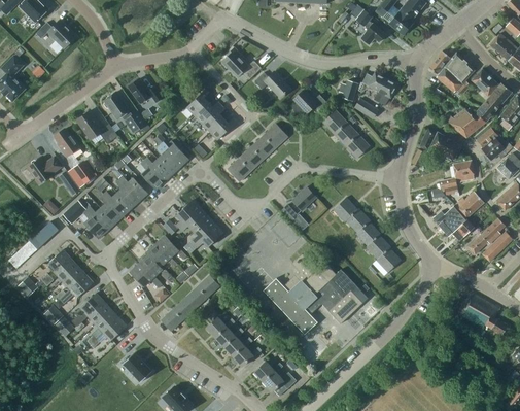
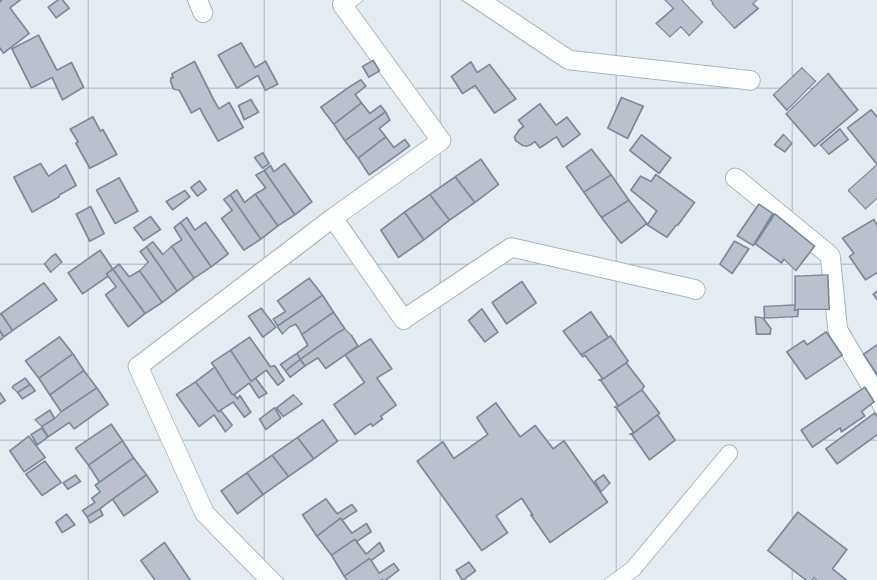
building: [222,50,261,79] -> none
building: [362,72,397,105] -> [631,174,694,237]
building: [444,109,486,138] -> none
building: [76,111,117,144] -> [12,35,83,100]
building: [432,205,474,240] -> none
building: none -> [334,339,396,434]

